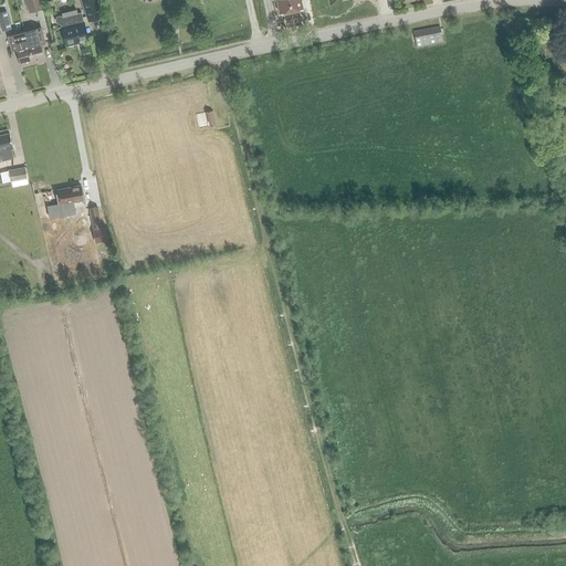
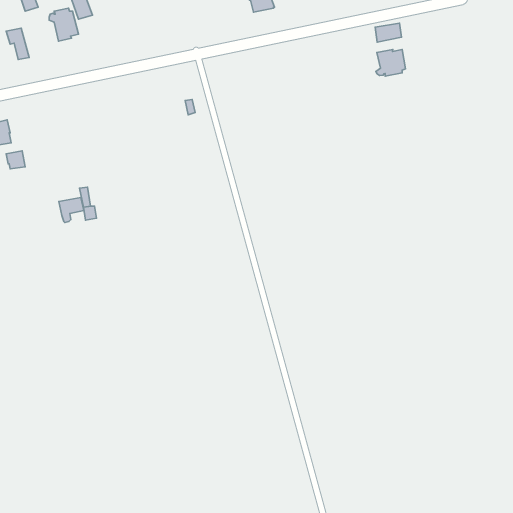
building: [23,27,44,63] -> none
building: none -> [376,50,406,76]
building: [54,185,82,212] -> [59,197,84,223]

